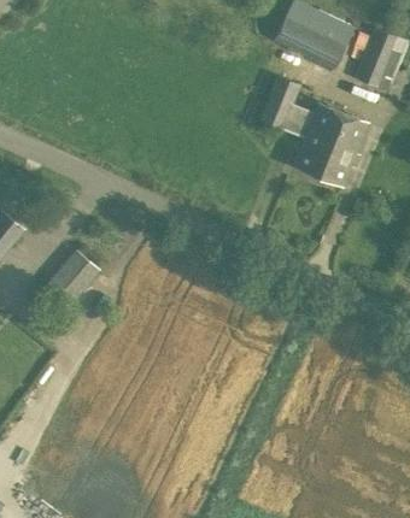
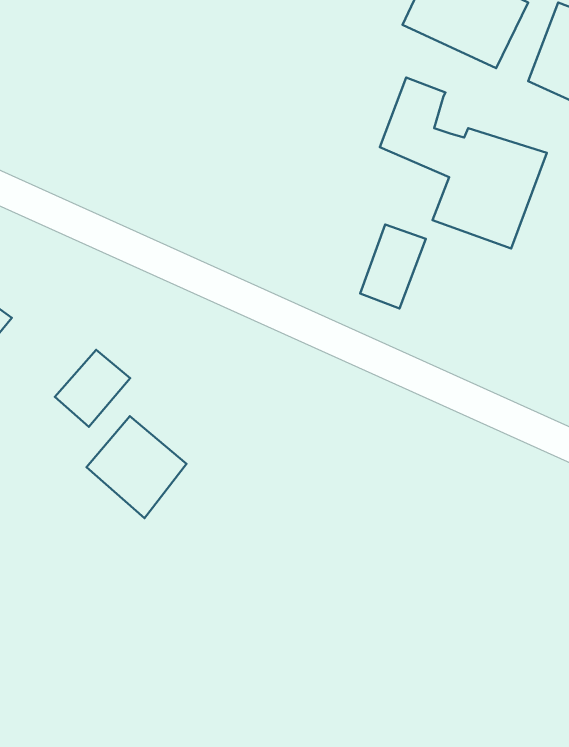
building: none -> [360,225,426,309]
building: none -> [87,416,186,518]

